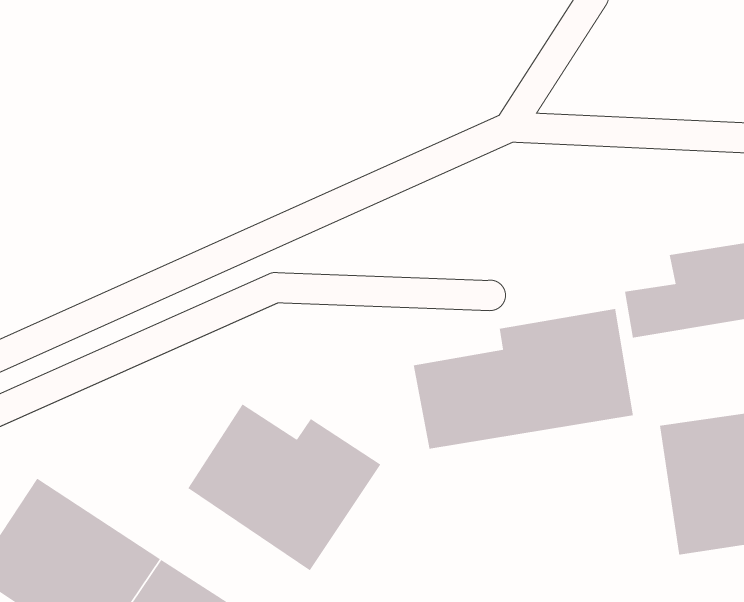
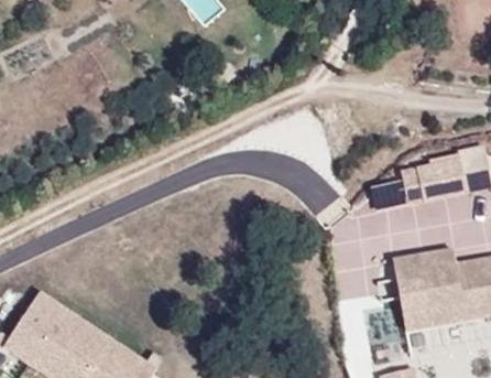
building: [413,308,633,449] -> none
building: [187,404,381,571] -> none

